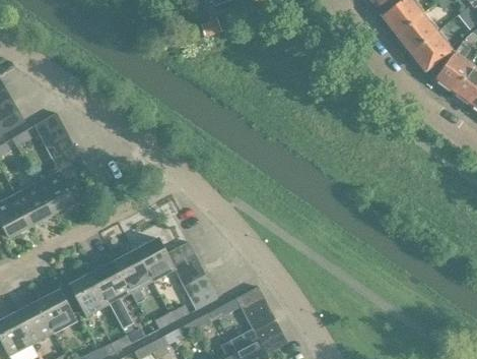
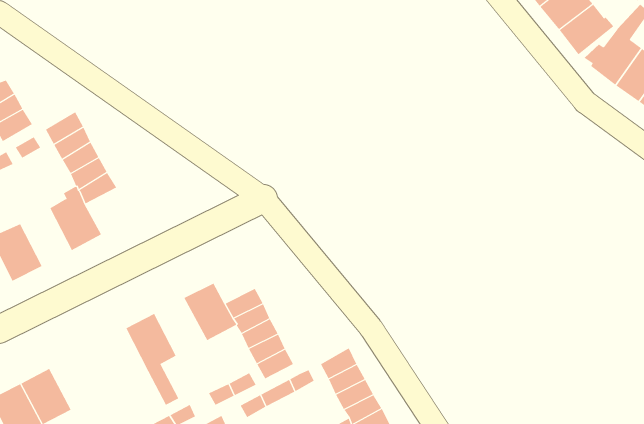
building: [15,183,53,226] -> none
building: [114,249,152,292] -> none
building: [69,272,109,315] -> none
building: [37,290,75,332] -> none

